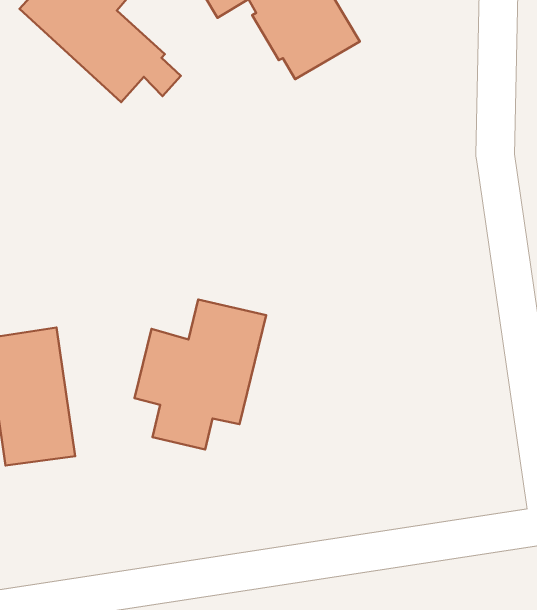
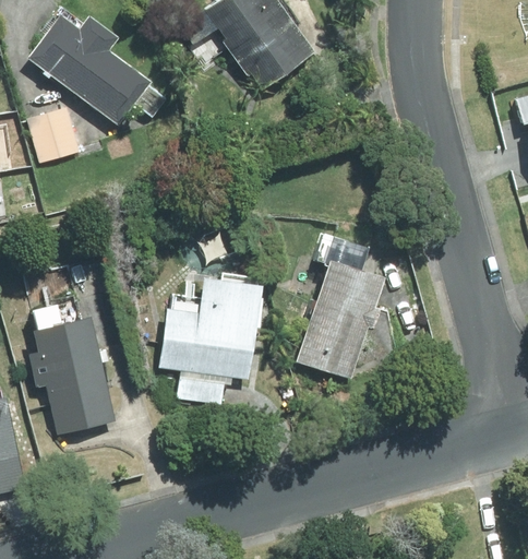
building: none -> [27,107,82,164]
building: none -> [298,233,384,379]

